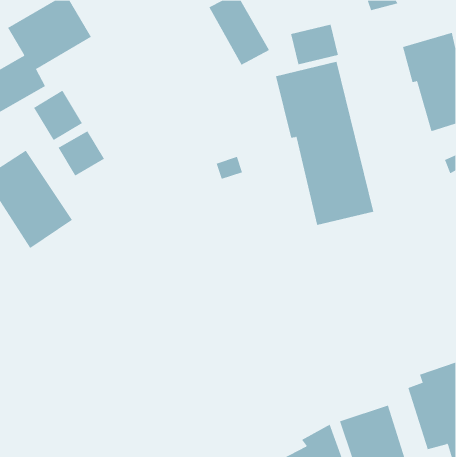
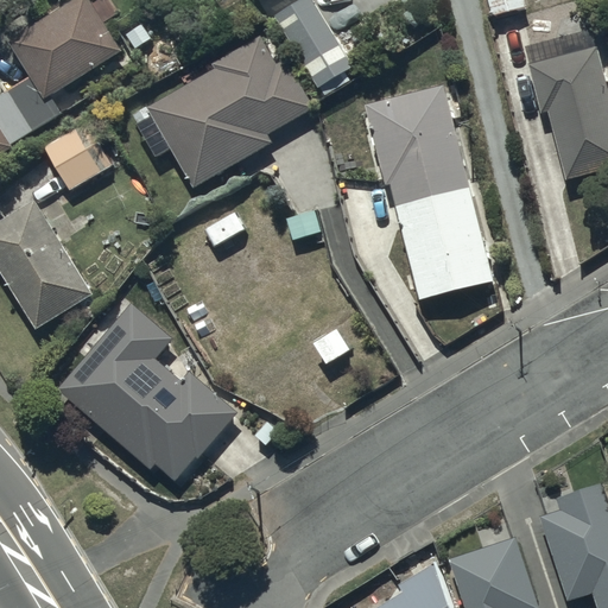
building: [291,24,339,65] -> none
building: none -> [131,34,315,189]
building: [58,130,105,176] -> none
building: none -> [55,303,239,481]

